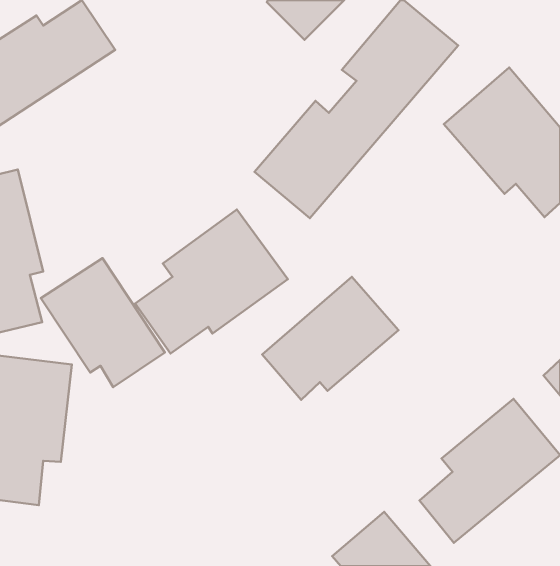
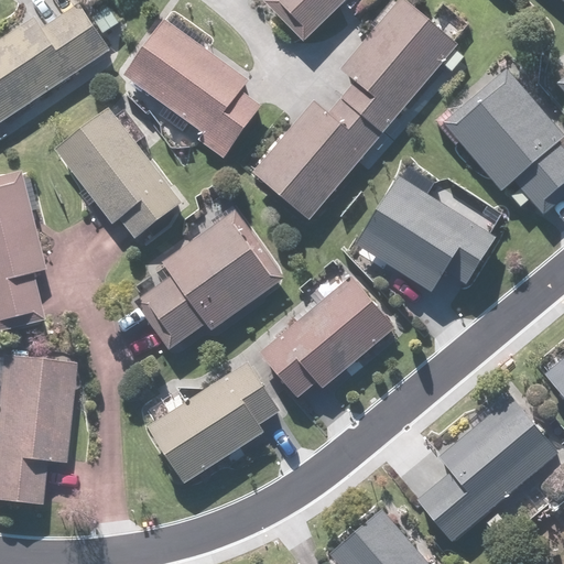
building: none -> [124,18,263,159]
building: none -> [55,107,184,239]
building: none -> [356,175,497,294]
building: [41,258,165,387] -> none
building: none -> [147,359,281,485]

